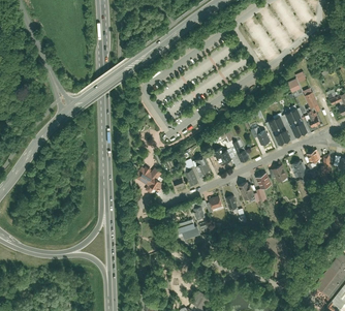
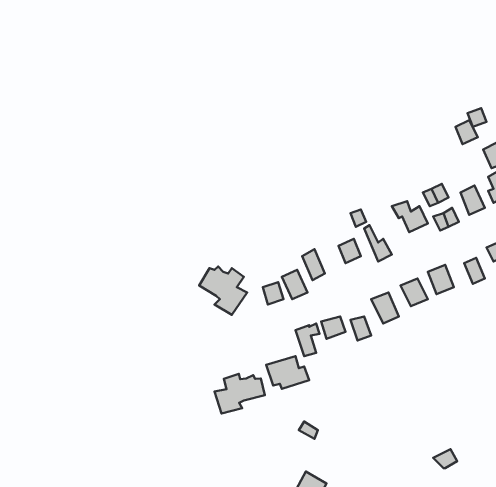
building: none -> [214,374,265,414]

